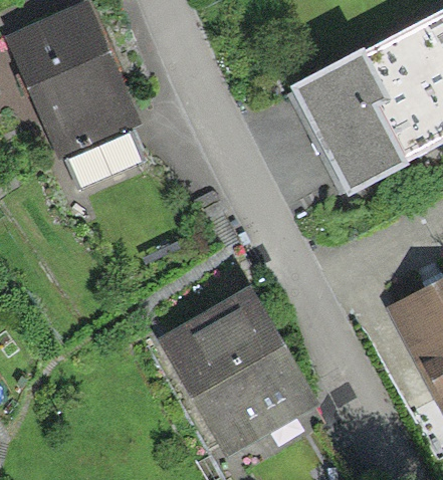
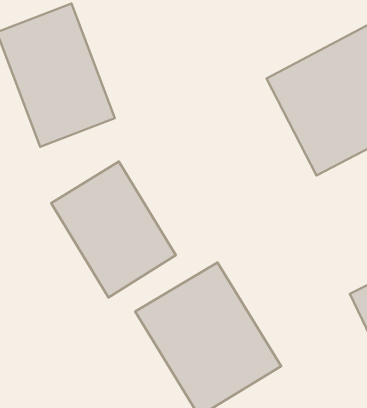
building: none -> [51,161,176,297]

